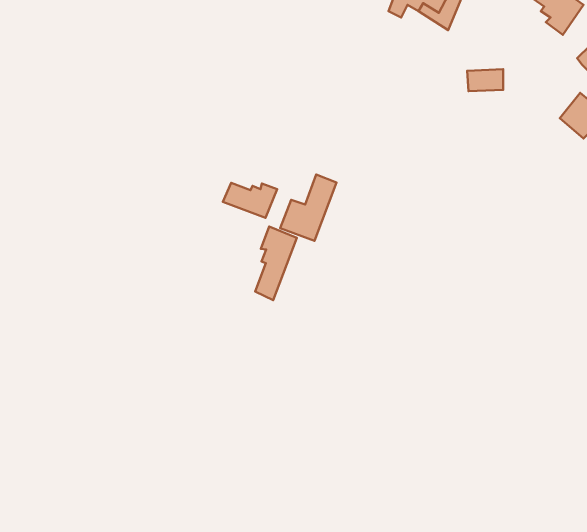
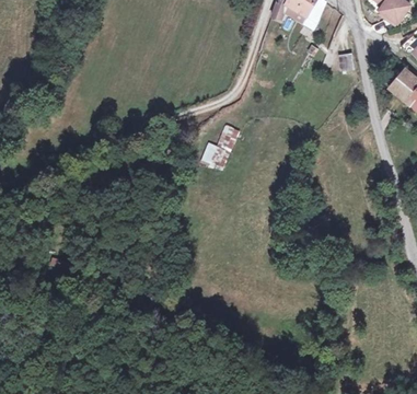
building: [223,183,277,218] -> none
building: [255,227,297,300] -> none

